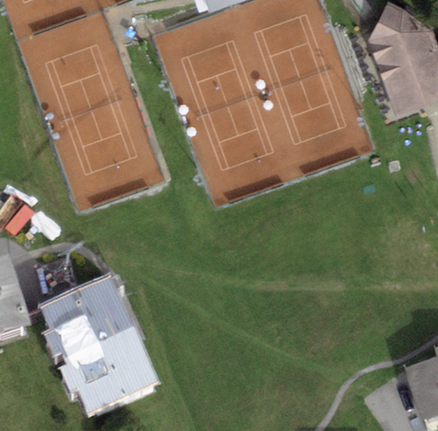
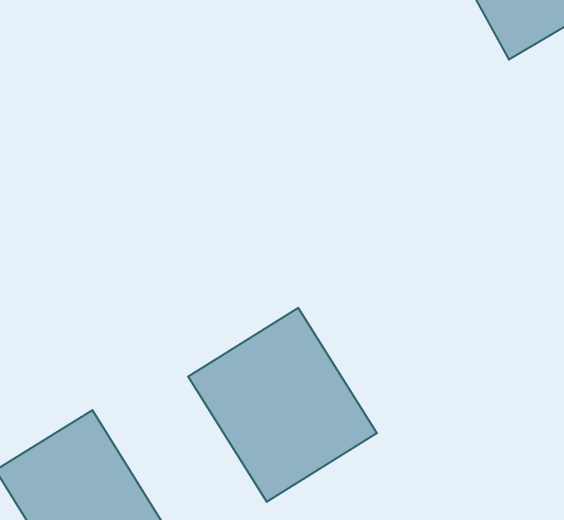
building: none -> [188,308,377,502]

